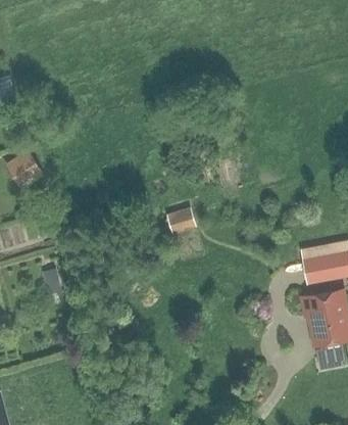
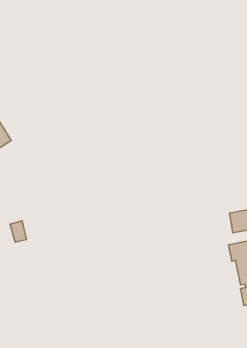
building: [165,207,196,234] -> none

